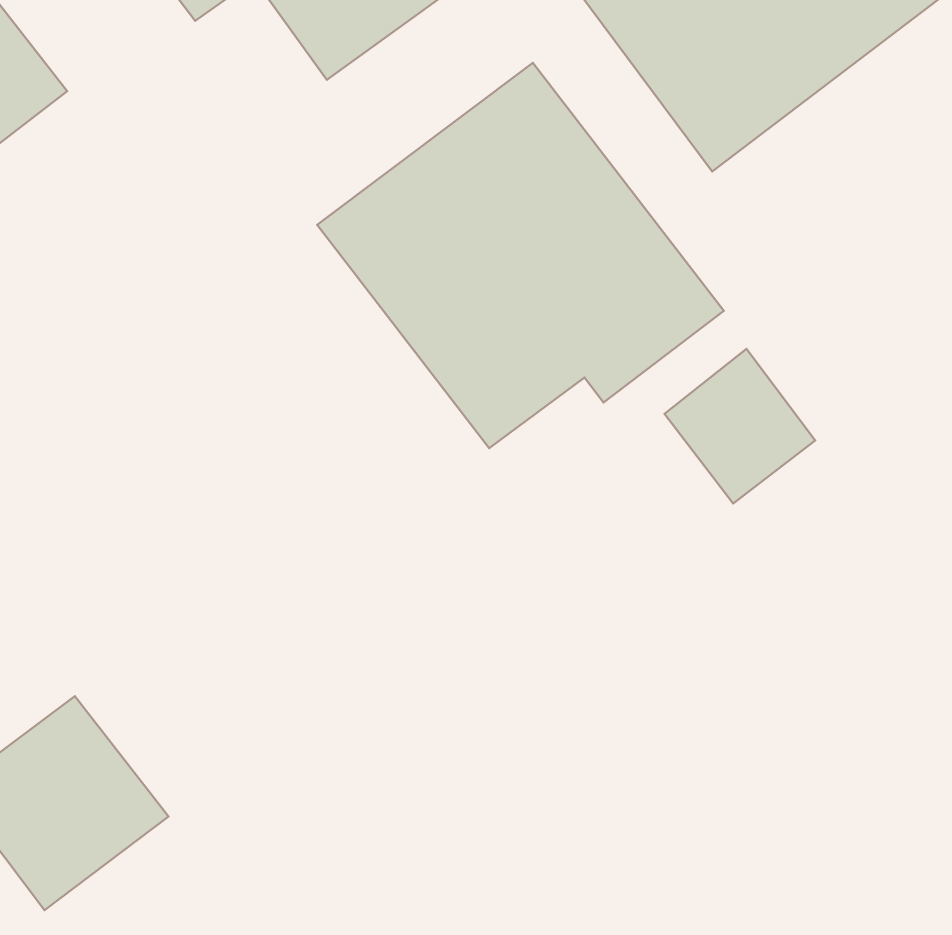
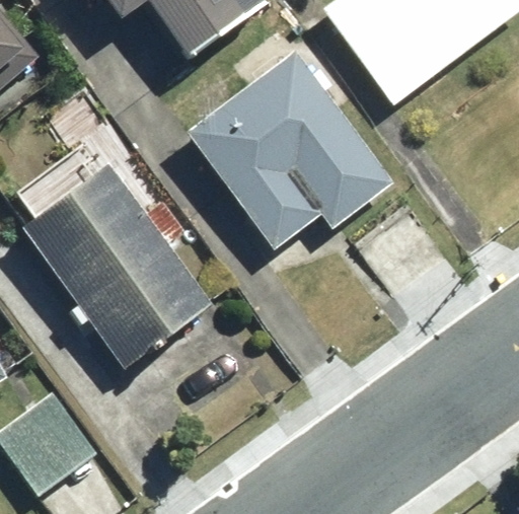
building: none -> [26,166,211,365]

